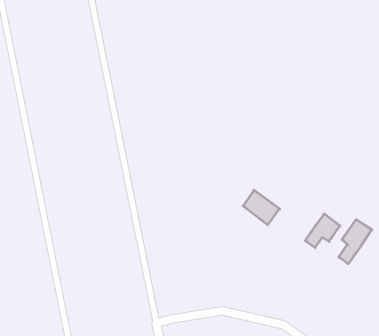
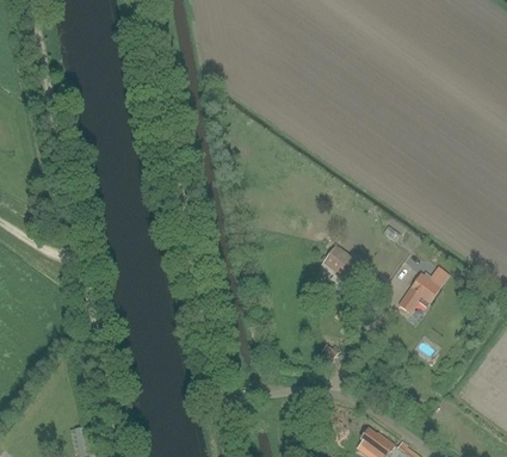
building: [339,220,372,264] -> none

